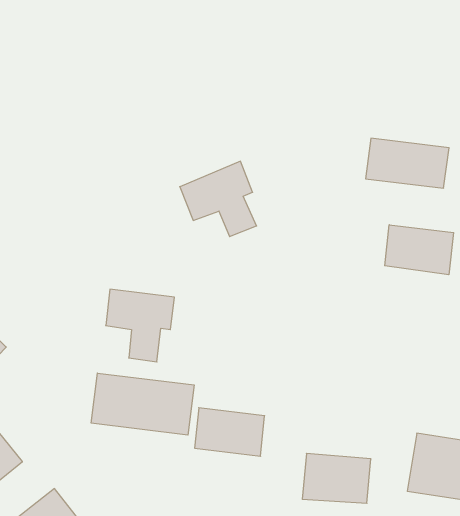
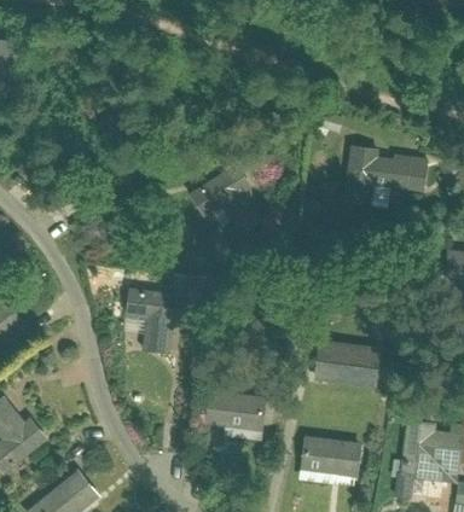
building: [385,225,454,275] -> none
building: none -> [314,341,381,389]
building: [91,373,194,435] -> none

